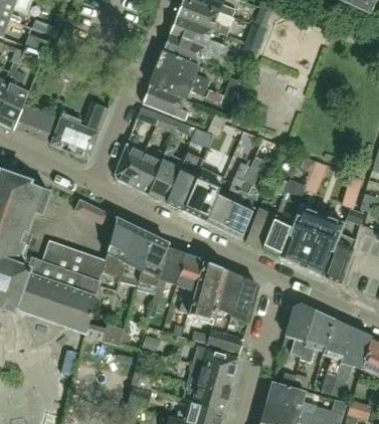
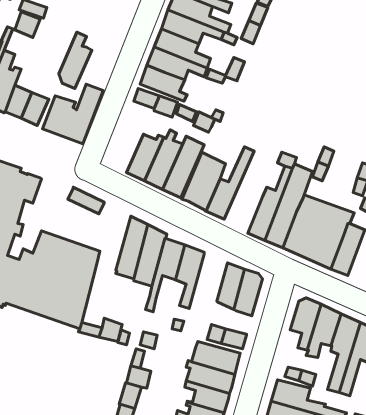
building: [116,132,147,185] -> [59,32,92,89]
building: [223,155,266,237] -> none
building: [103,218,135,277] -> none
building: [190,262,226,324] -> none

